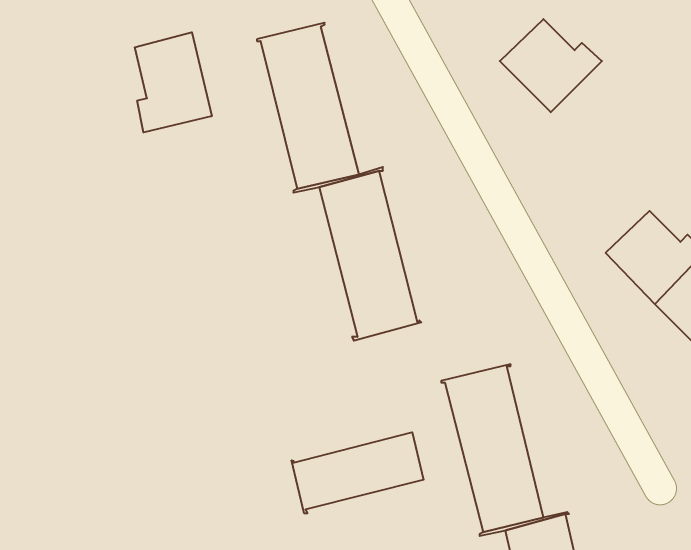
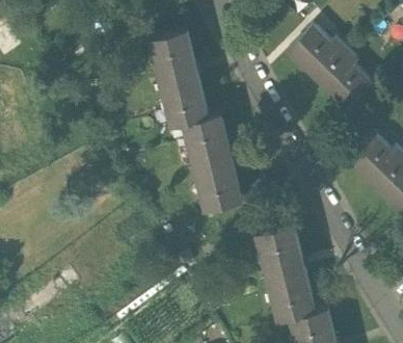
building: [135,32,212,132] -> none
building: none -> [317,47,371,105]
building: [292,432,424,513] -> none

